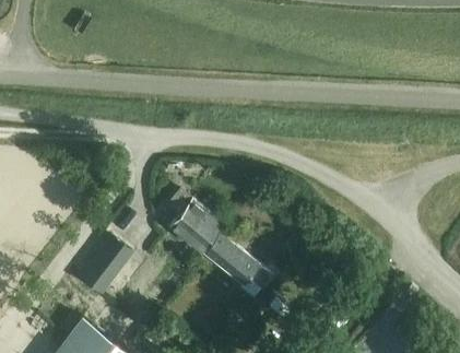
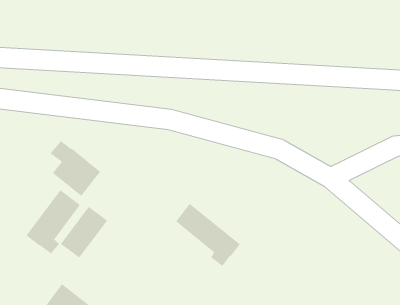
building: [168,192,223,252] -> [50,140,101,197]
building: none -> [25,189,81,255]

